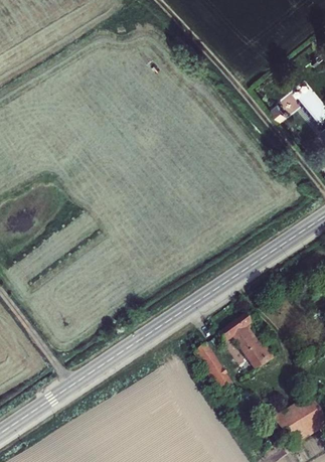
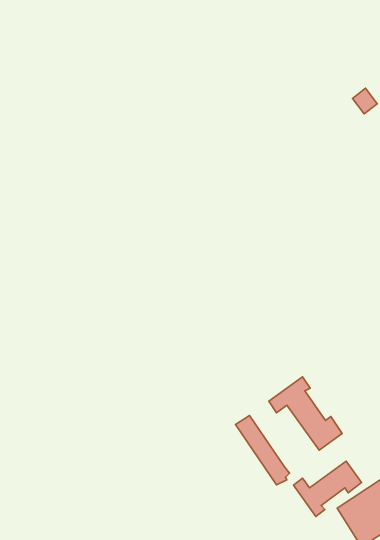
building: none -> [294,461,362,517]

